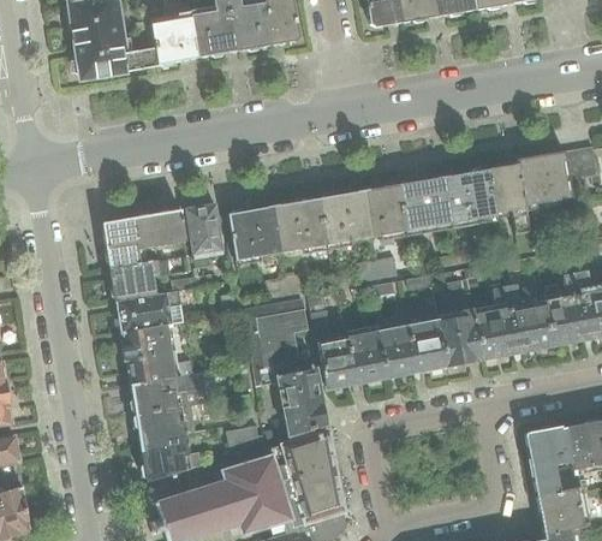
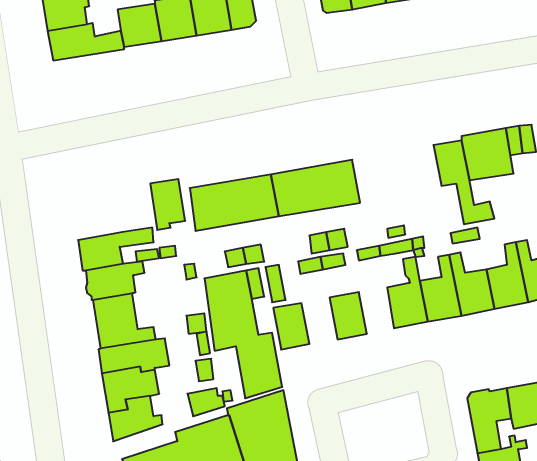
building: [401,168,496,230] -> none
building: [103,210,185,269] -> none
building: [409,320,446,369] -> none
building: [347,331,386,380] -> none

